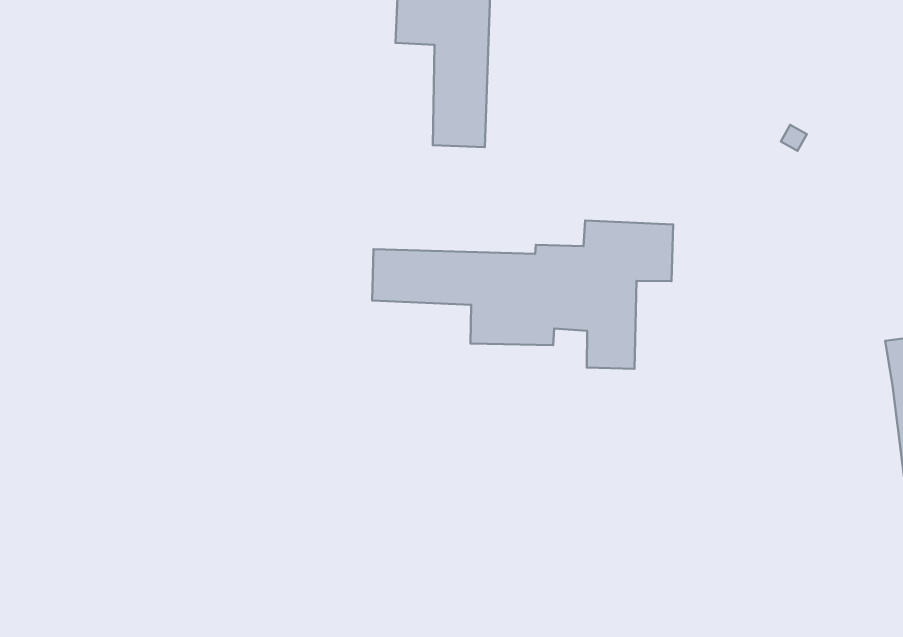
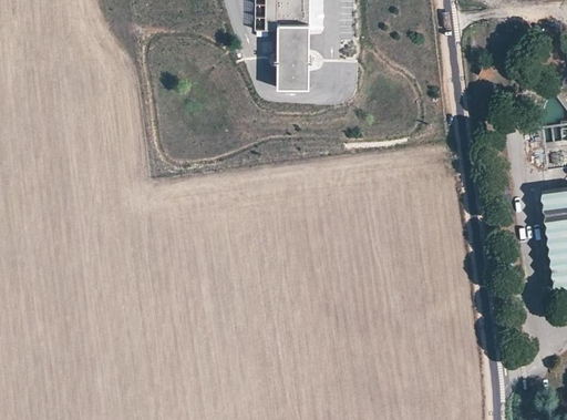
building: [372,220,673,369] -> none

